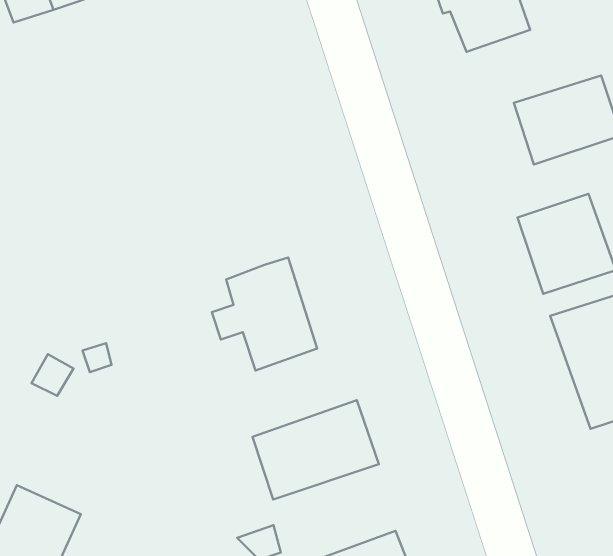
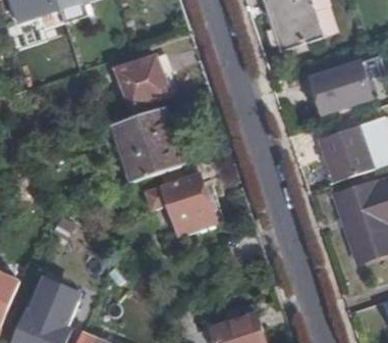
building: none -> [114,55,167,107]
building: none -> [110,108,178,182]
building: [252,400,379,499] -> none

